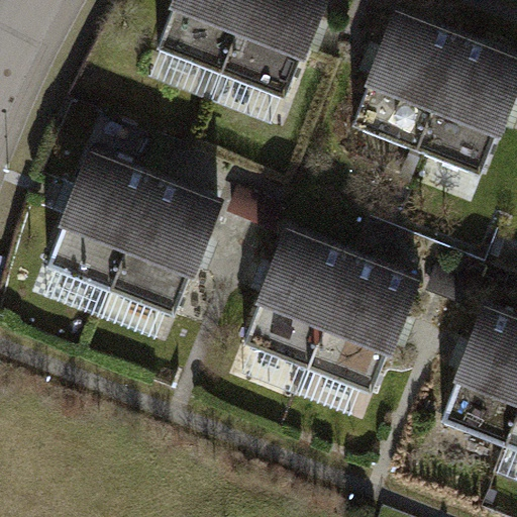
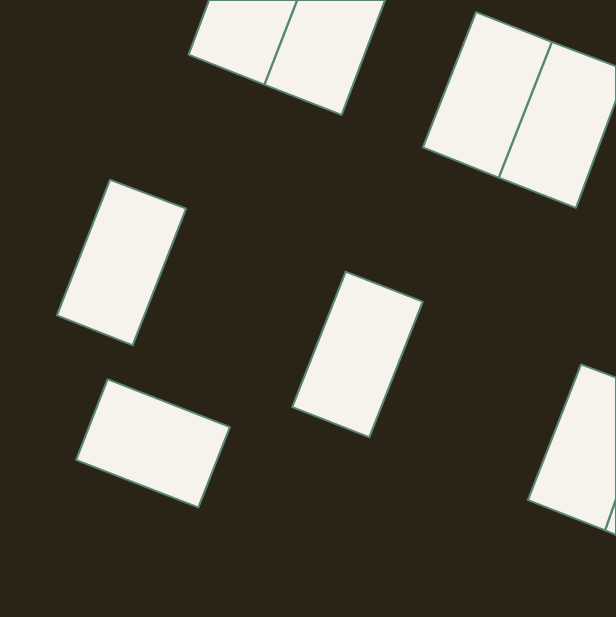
building: [111,175,219,313] -> none
building: [309,252,417,391] -> none
building: none -> [76,379,230,508]

